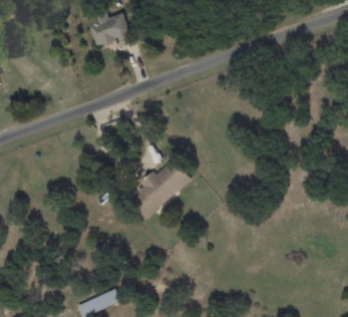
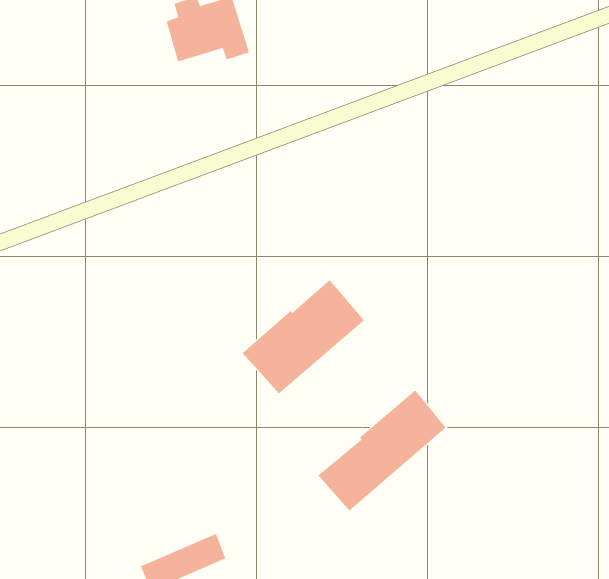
building: none -> [318,390,446,512]

